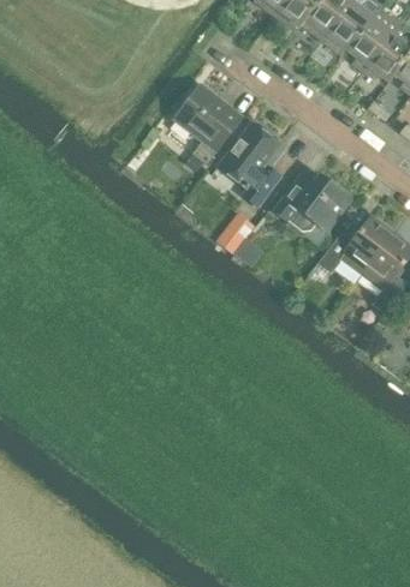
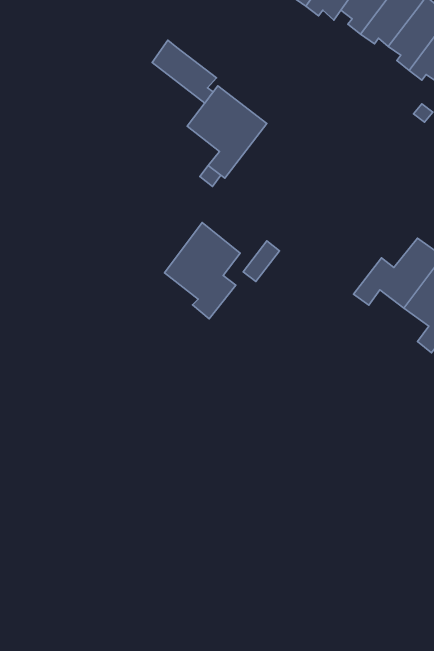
building: none -> [152,40,216,103]
building: [219,122,284,205] -> [165,222,240,319]
building: [273,174,350,244] -> none

